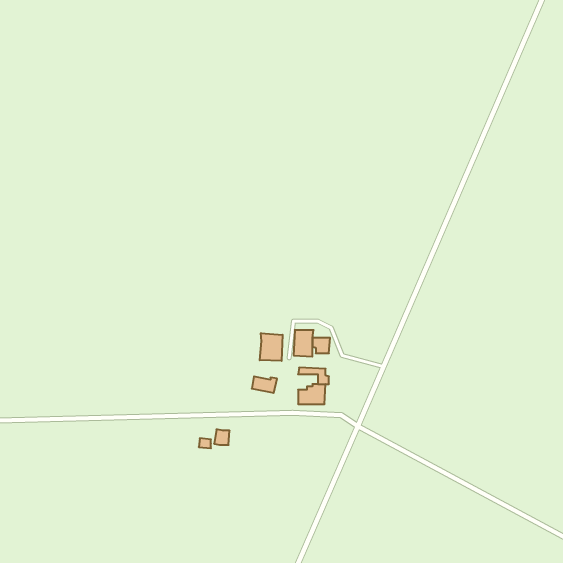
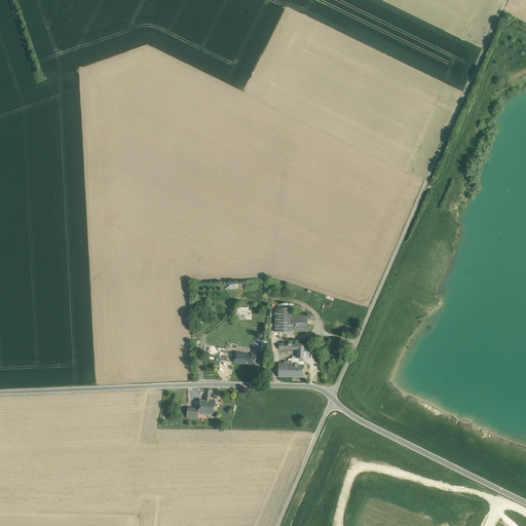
building: [260,333,283,361] -> none

